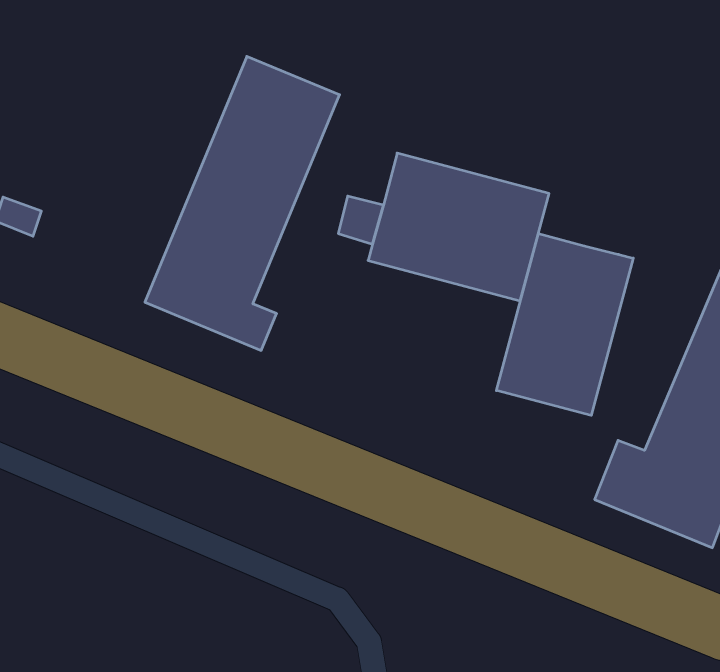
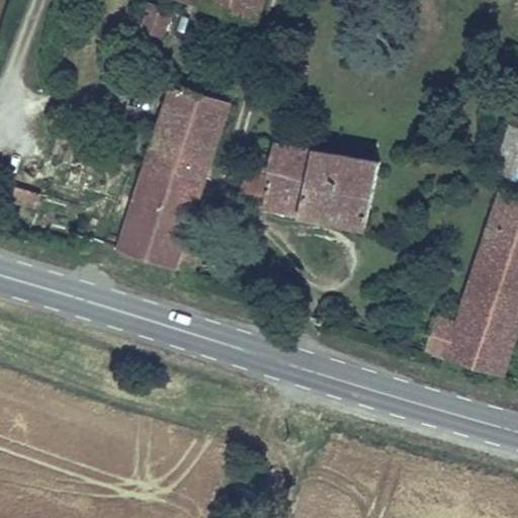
building: [496,233,633,415] -> none

